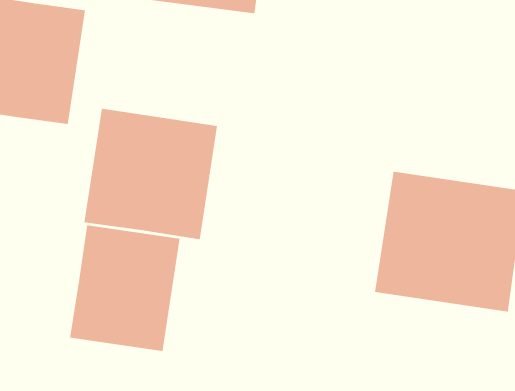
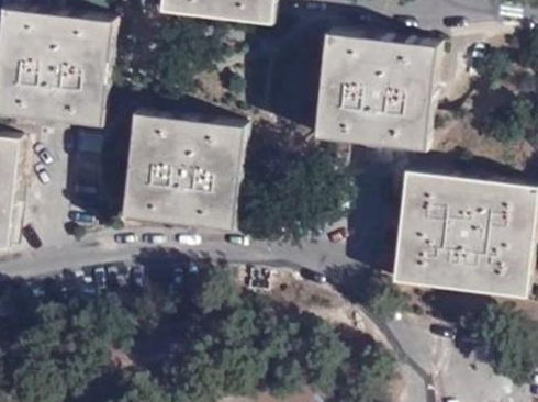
building: none -> [316,29,442,149]
building: [70,224,180,352] -> none

